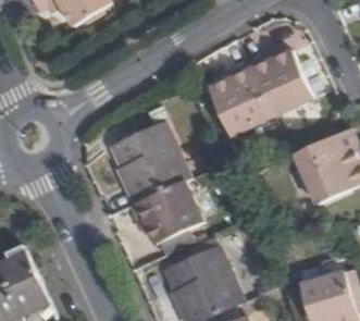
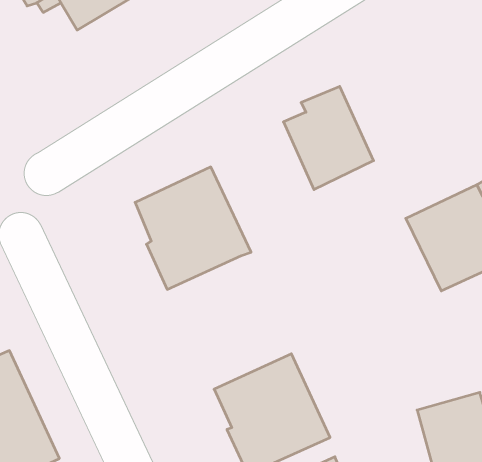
building: [248,51,311,114] -> none
building: [129,178,201,250] -> none

